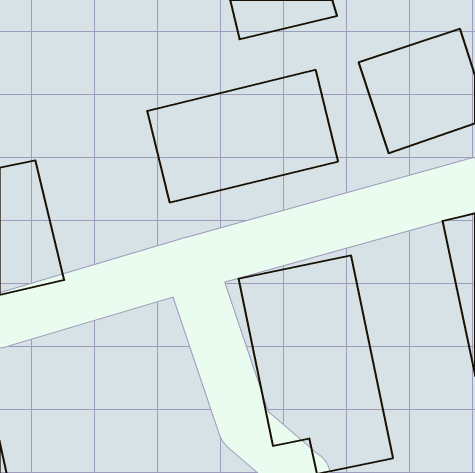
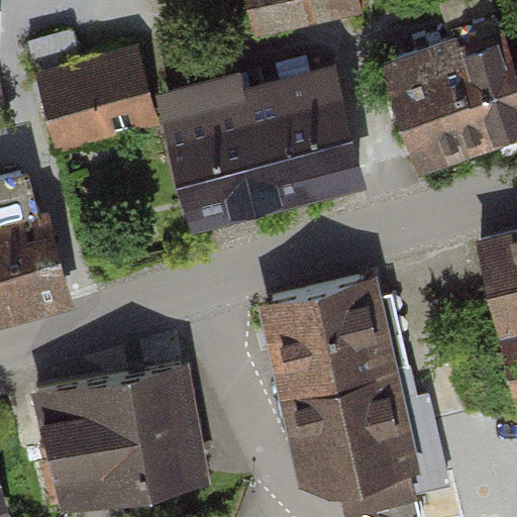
building: none -> [40,59,147,140]
building: none -> [36,373,207,501]

